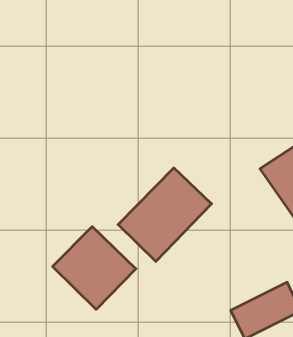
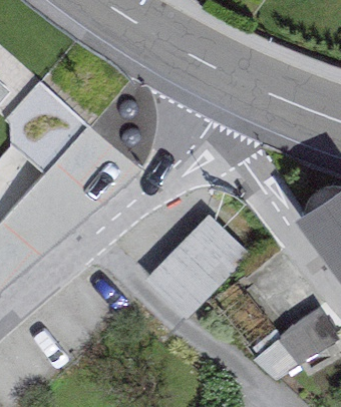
building: [53,227,136,309] -> none

